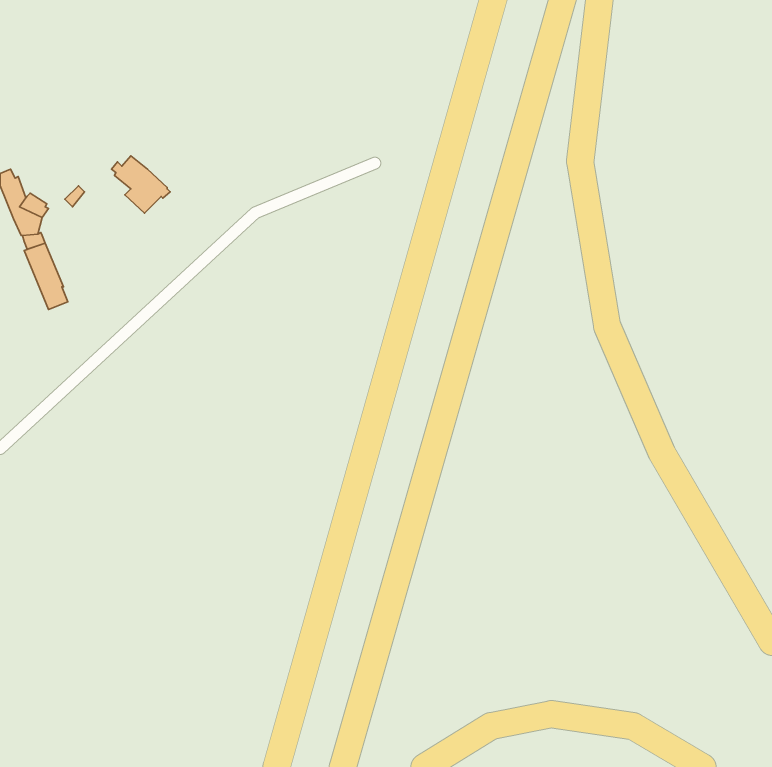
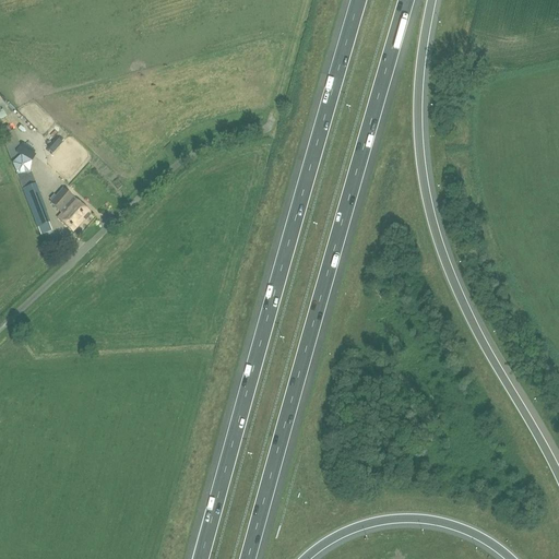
building: [111,156,170,213] -> [48,186,91,227]

